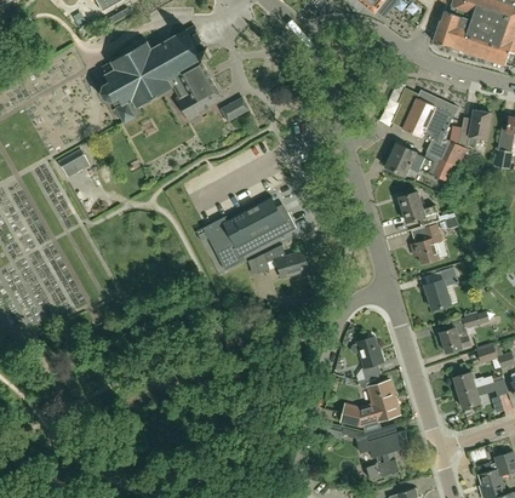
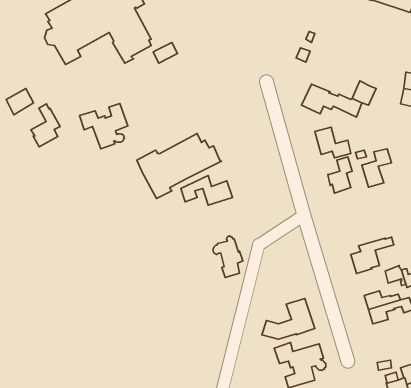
building: [402,99,453,147] -> none
building: [458,110,491,150] -> none
building: none -> [79,103,128,149]
building: none -> [31,104,60,147]
building: [425,268,458,310] -> [362,149,391,187]
building: [350,333,383,379] -> [213,236,243,277]

